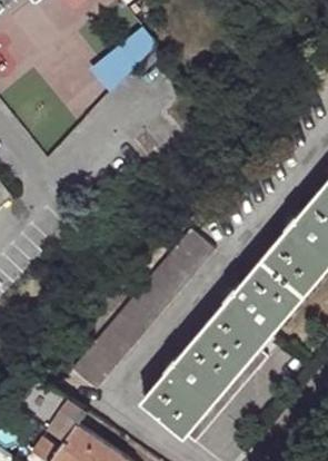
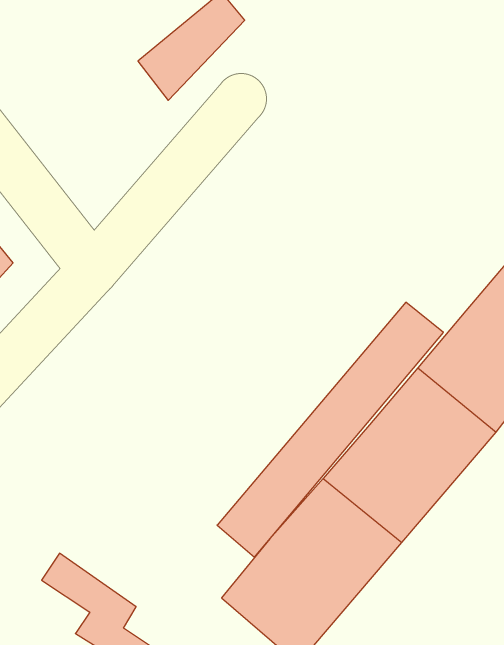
building: [73,232,215,391] -> [217,302,443,557]

